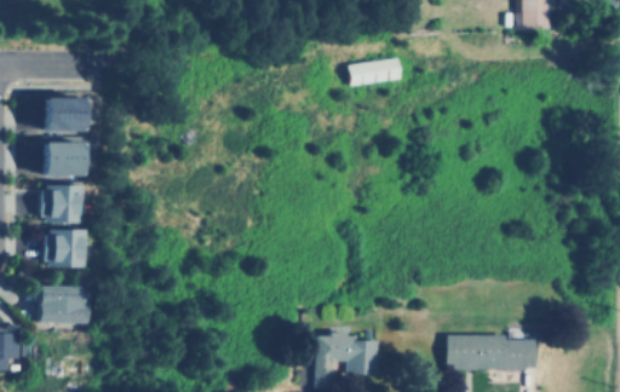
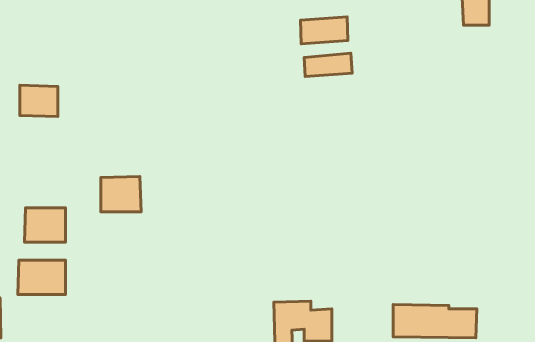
building: none -> [301,17,348,44]
building: [39,139,84,175] -> none
building: [42,184,86,223] -> [101,176,141,212]

